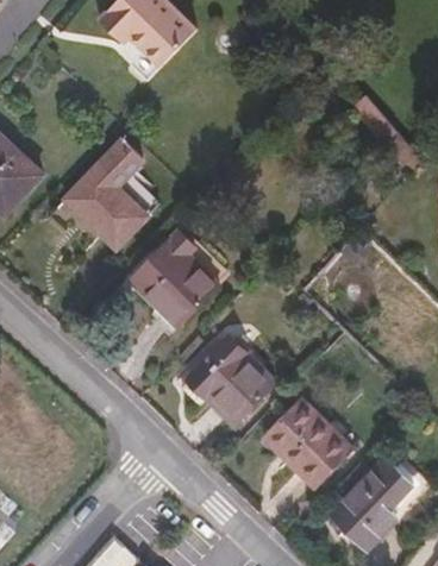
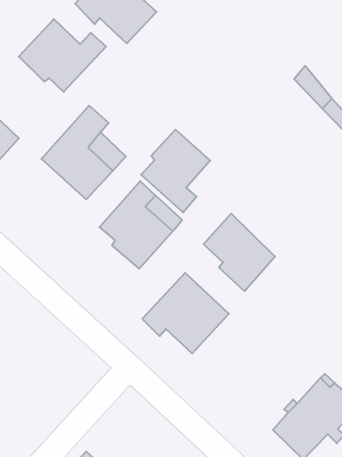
building: none -> [19,19,106,92]
building: none -> [141,130,210,213]
building: [268,398,351,489] -> [204,214,275,291]

